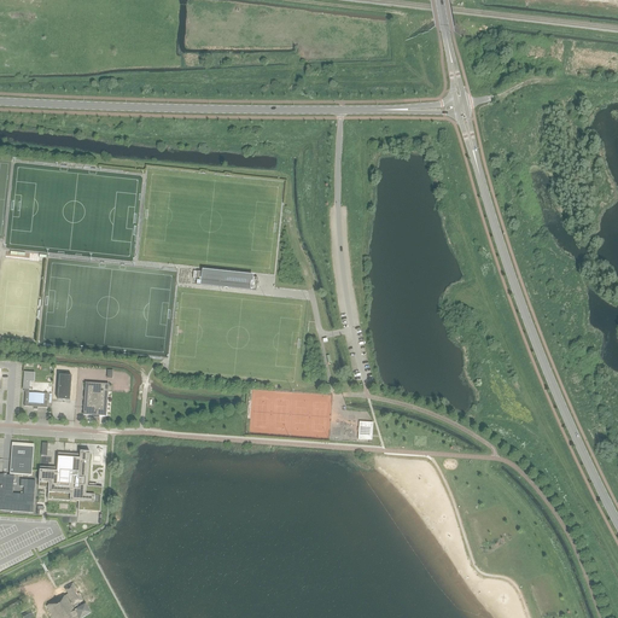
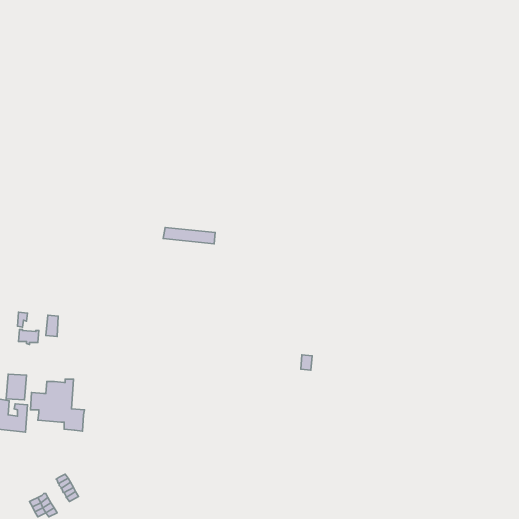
building: [81,380,106,414] -> none

